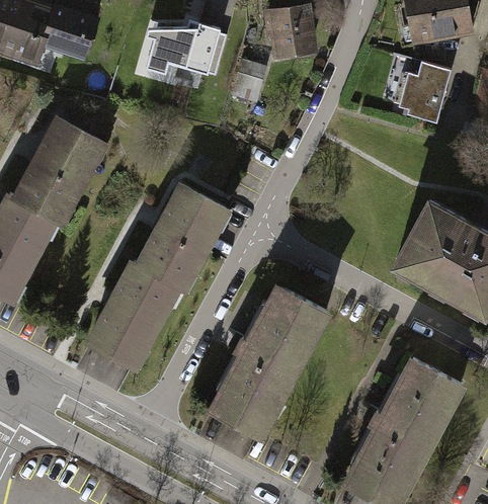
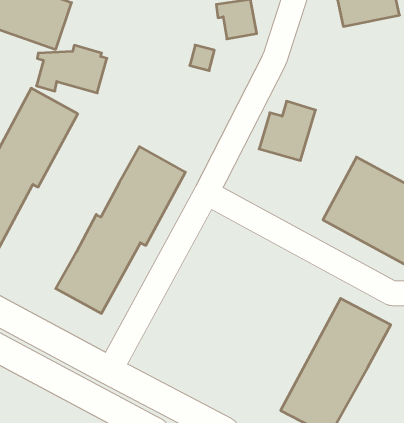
building: [145,25,226,80] -> [36,45,107,93]
building: [388,57,453,124] -> [259,101,316,160]
building: [205,283,332,442] -> none

